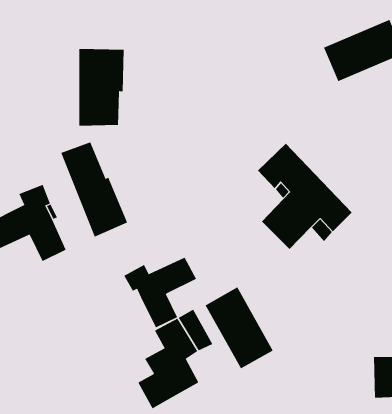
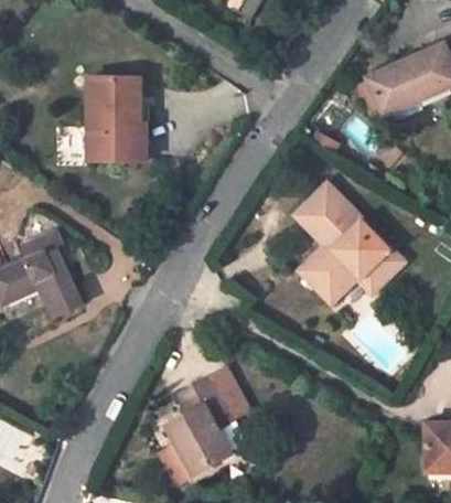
building: [61,142,128,238] -> none
building: [124,257,197,328] -> none
building: [205,287,274,369] -> none

